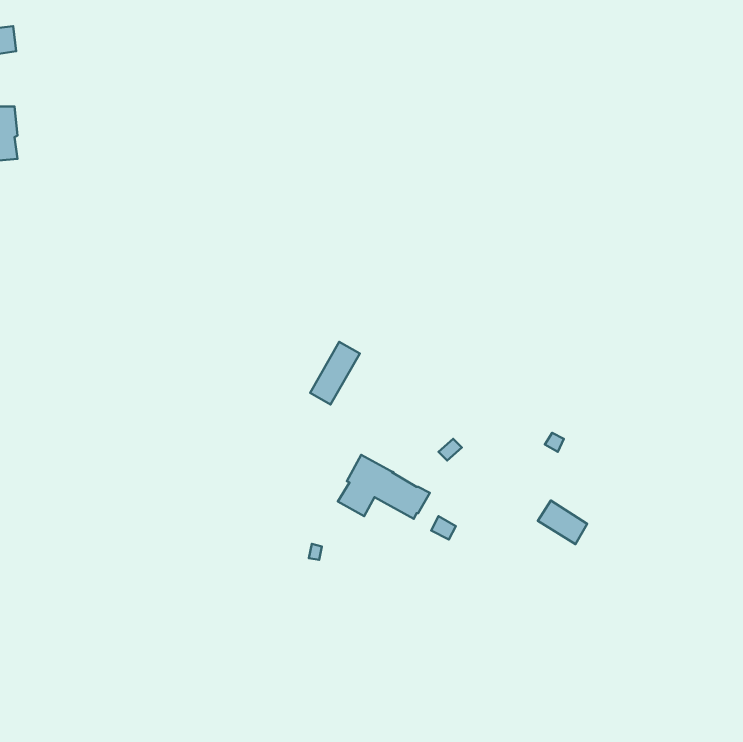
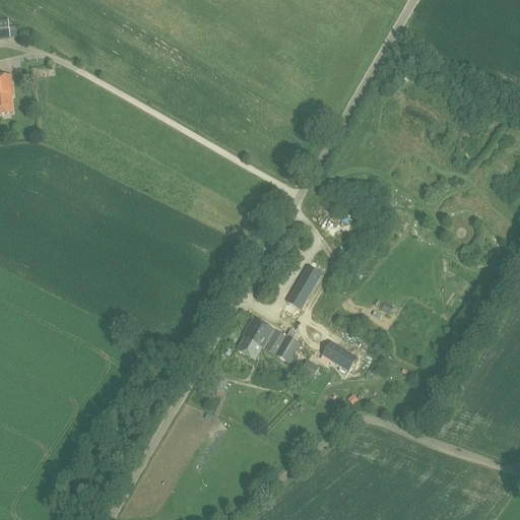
building: [310,342,360,404] -> [286,265,321,309]
building: [538,500,587,544] -> [321,340,355,371]

